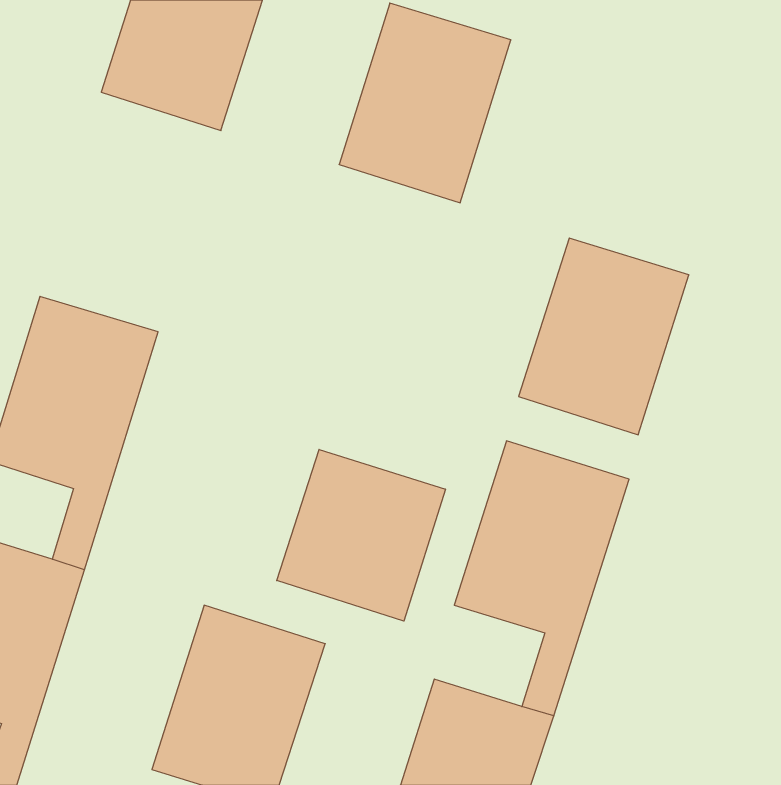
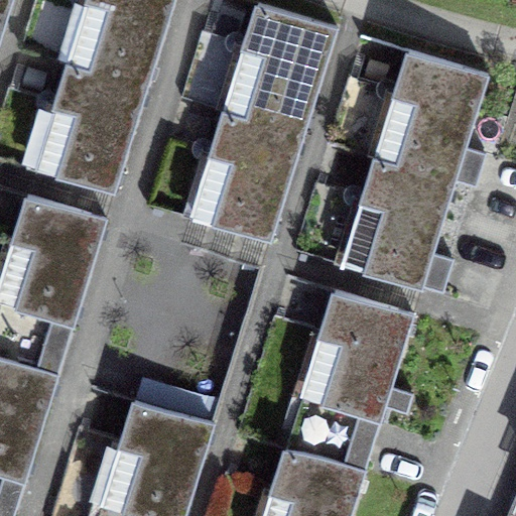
building: none -> [374,49,486,180]
building: none -> [33,60,145,192]
building: none -> [189,108,302,241]
building: [277,449,445,621] -> none

